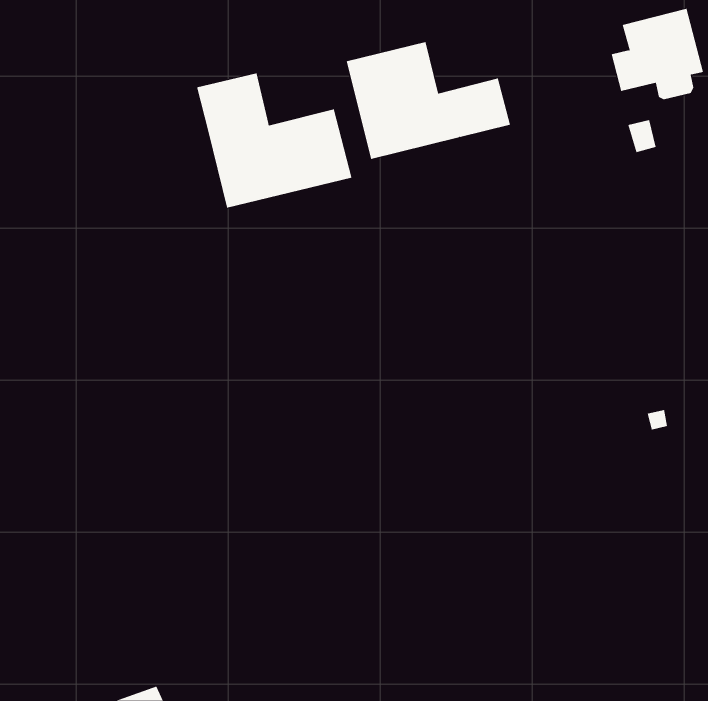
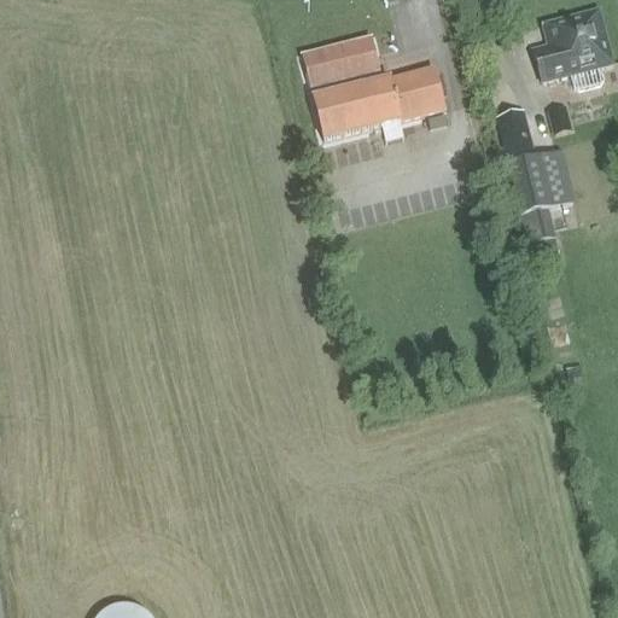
building: [197,73,352,209] -> none
building: none -> [495,107,576,261]

